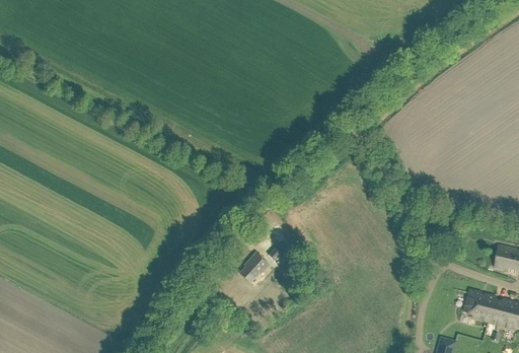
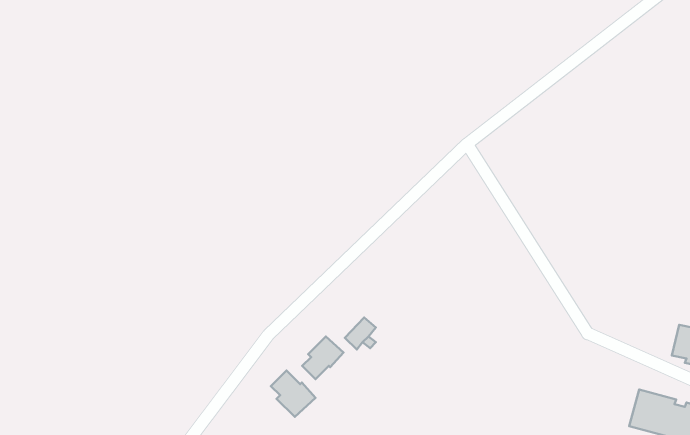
building: none -> [271,371,316,417]

